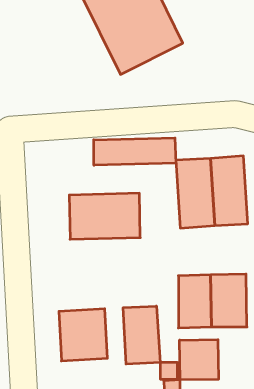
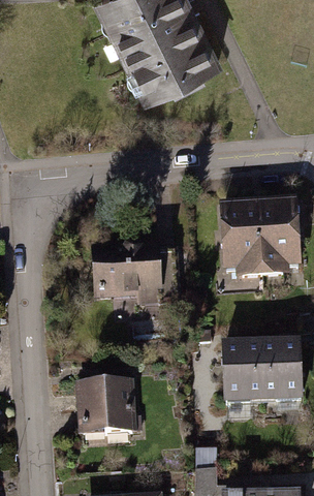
building: [94,138,176,165] -> none
building: [123,306,160,364] -> none
building: [180,340,218,380] -> none

